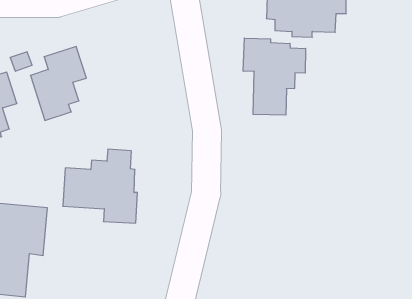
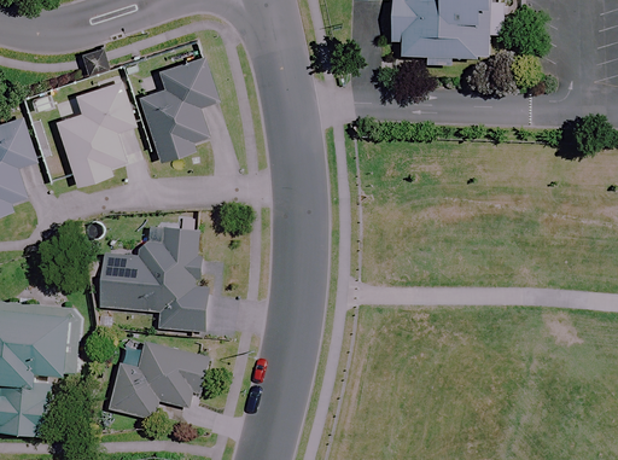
building: none -> [139,57,215,159]
building: [243,38,306,115] -> none
building: none -> [106,342,211,419]

